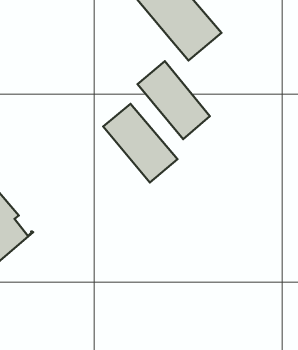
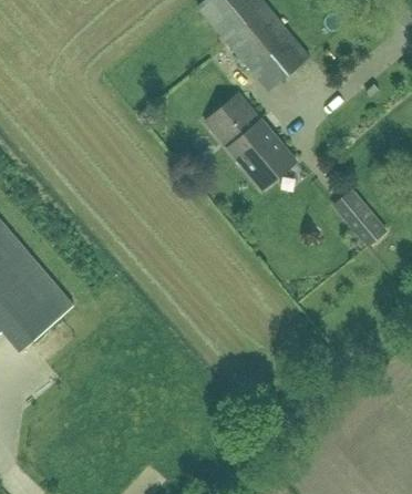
building: [103,104,178,182] -> none
building: none -> [333,191,385,247]

